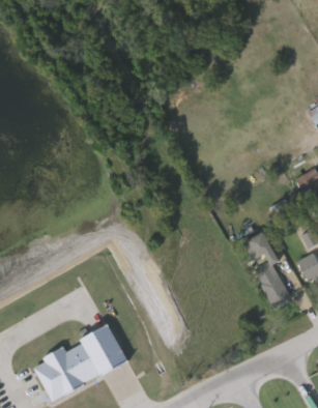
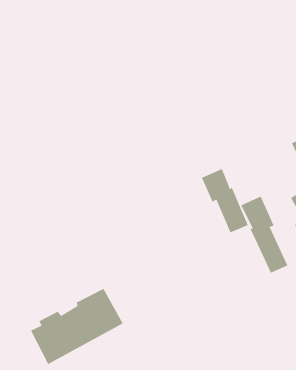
building: none -> [201,168,249,233]

